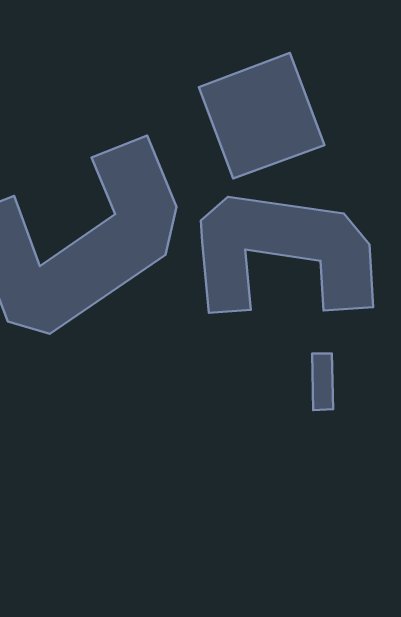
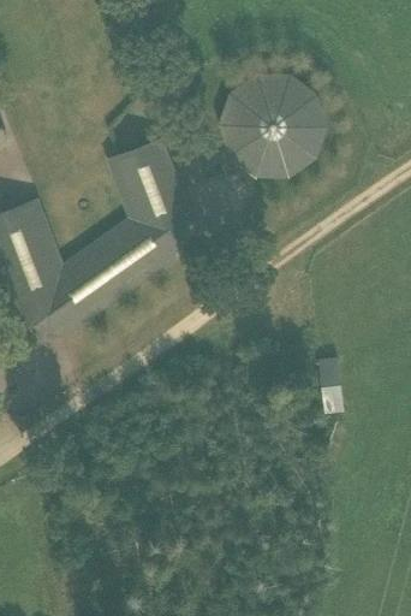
building: [201,197,373,313] -> none

